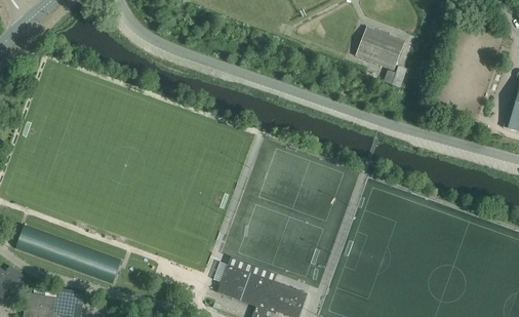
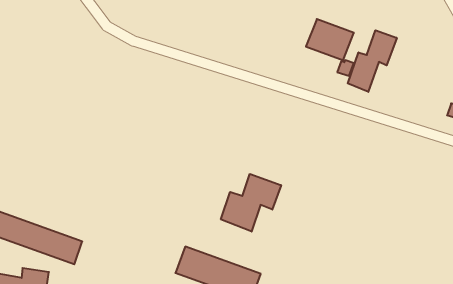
building: none -> [348,30,397,92]
building: none -> [221,174,281,232]

